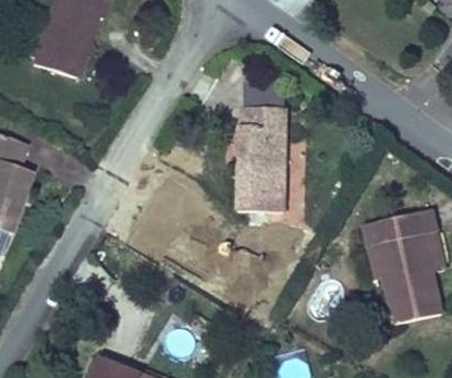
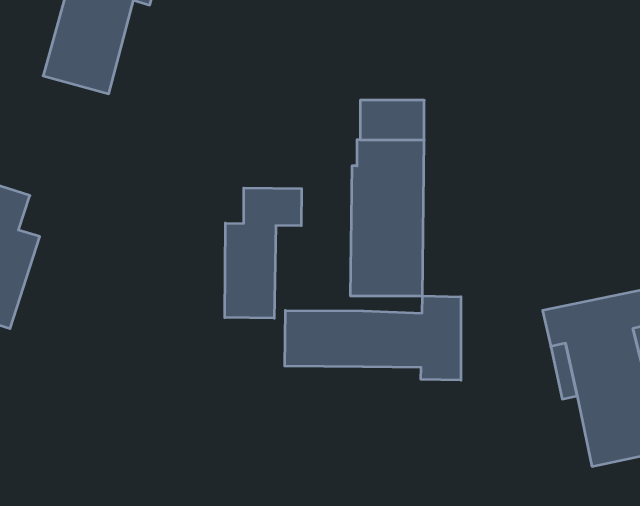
building: none -> [225,188,302,318]
building: none -> [285,296,461,380]

